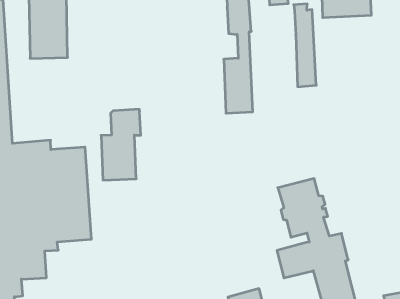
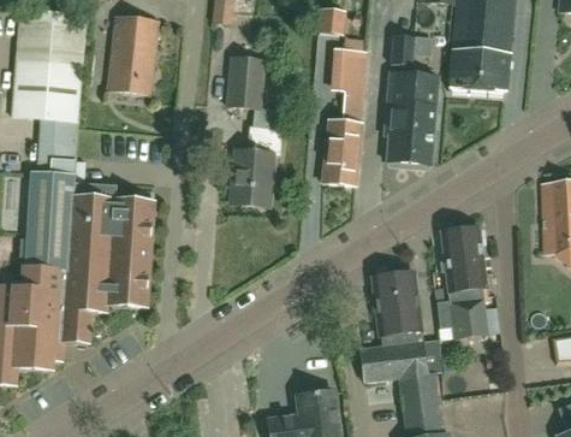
building: none -> [385,72,418,163]
building: none -> [226,55,266,107]
building: [101,109,141,180] -> [231,123,284,205]
building: none -> [438,225,492,335]

